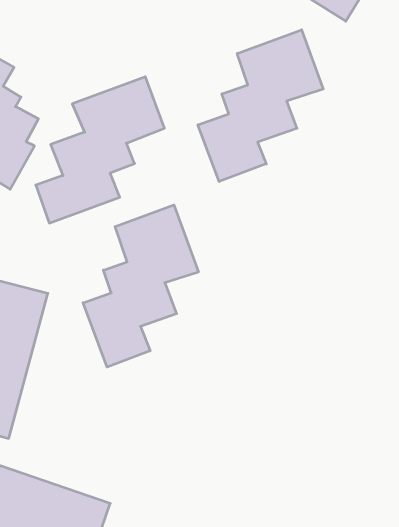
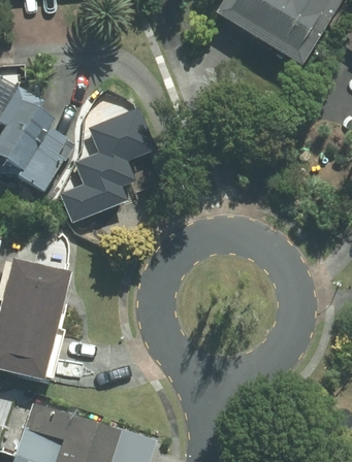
building: [198,30,323,182] -> none
building: [83,205,198,367] -> none

